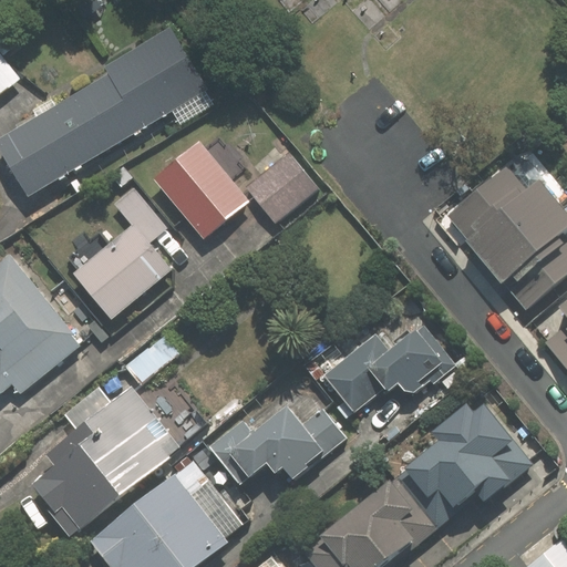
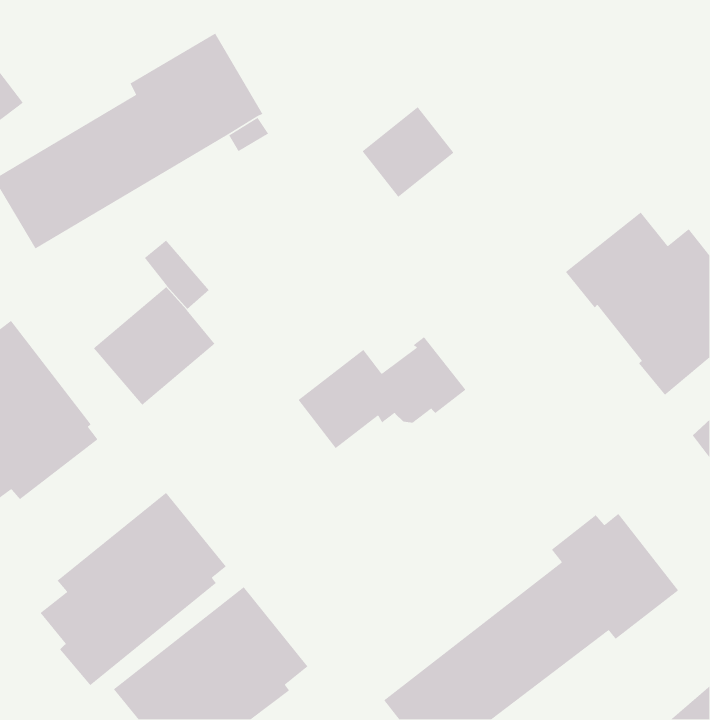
building: [152,141,247,239] -> none
building: [244,152,317,224] -> [362,106,455,198]
building: [322,323,455,412] -> [297,336,466,449]
building: [206,404,346,487] -> none

